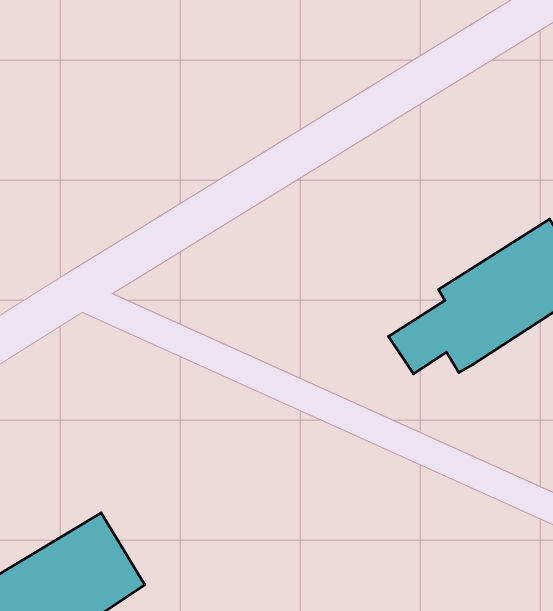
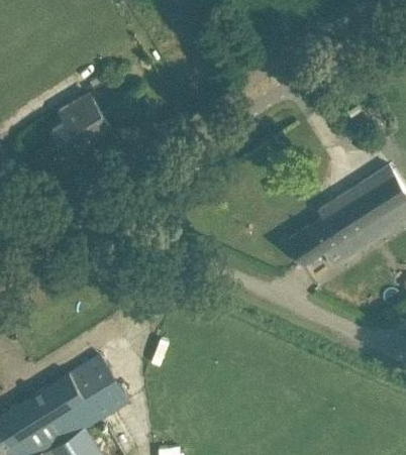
building: none -> [50,98,111,158]

